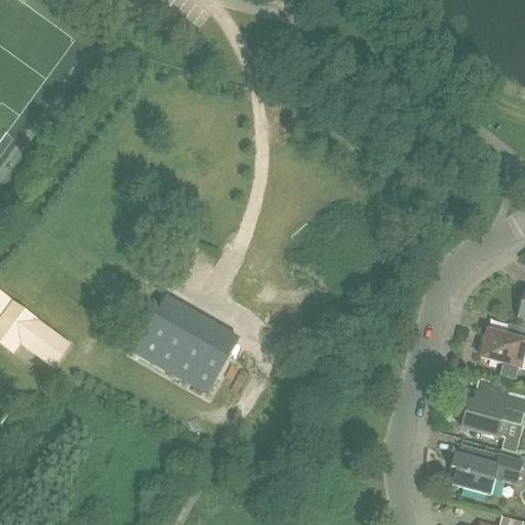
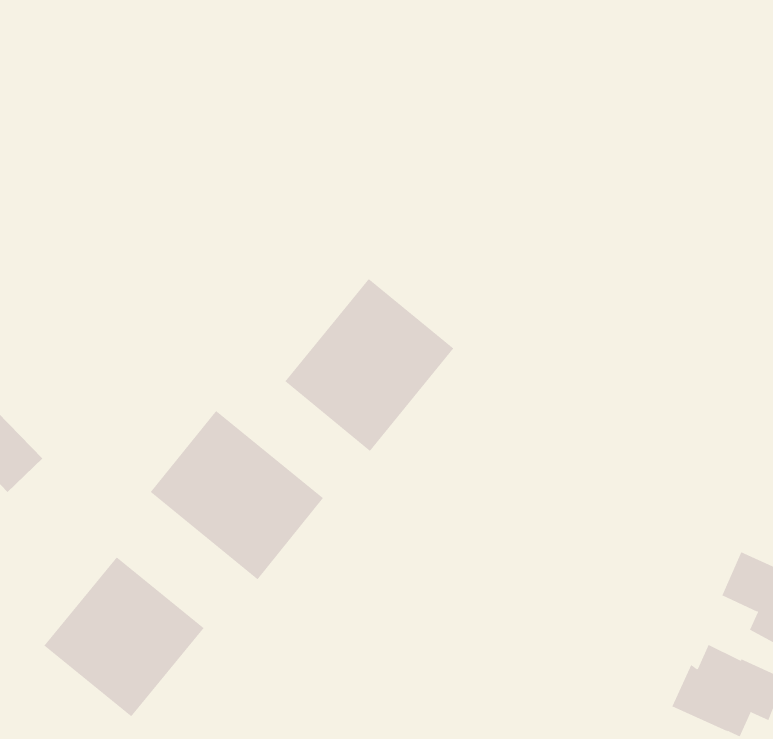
building: none -> [284,278,454,452]
building: none -> [43,556,204,717]

